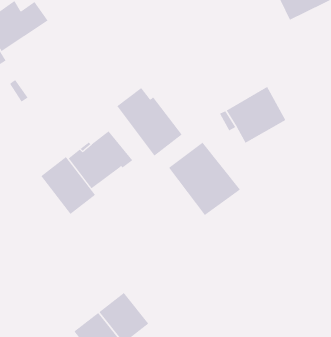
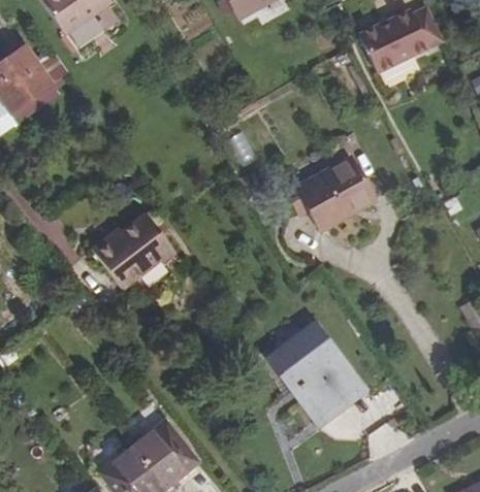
building: [117,87,182,156] -> none
building: [168,142,241,216] -> [271,327,364,422]
building: [41,156,96,215] -> none

